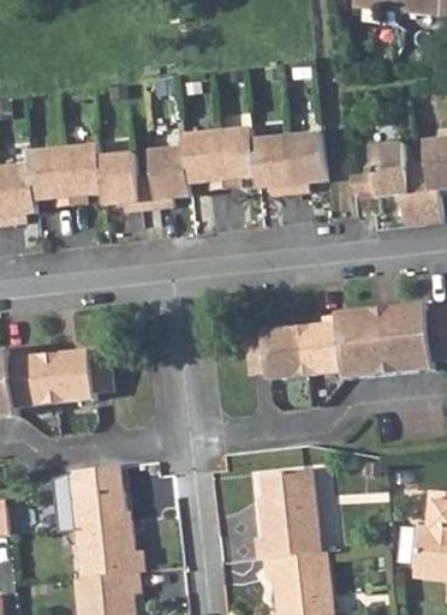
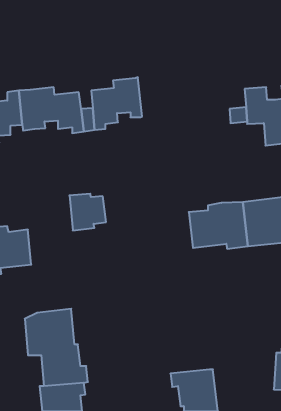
building: [217,127,324,192] -> none
building: [245,324,297,378] -> none
building: [59,347,112,400] -> [69,194,106,230]
building: [256,466,321,557] -> none

